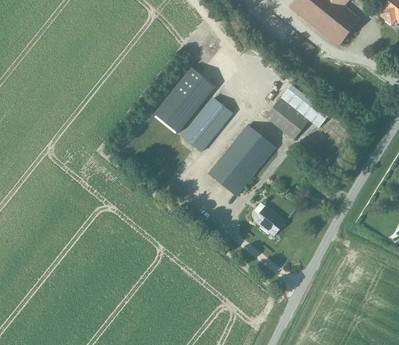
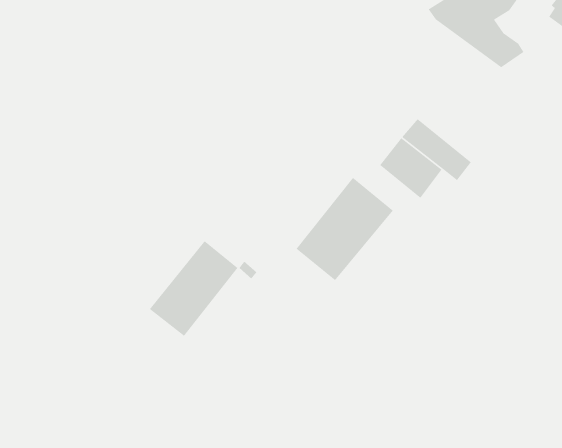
building: [153,67,214,133] -> [149,240,238,337]
building: [181,98,232,152] -> none
building: [253,206,284,236] -> none

